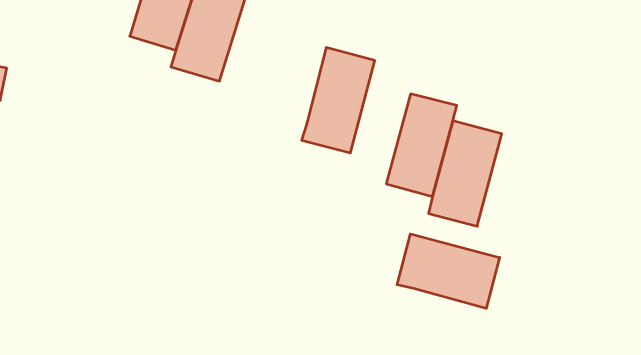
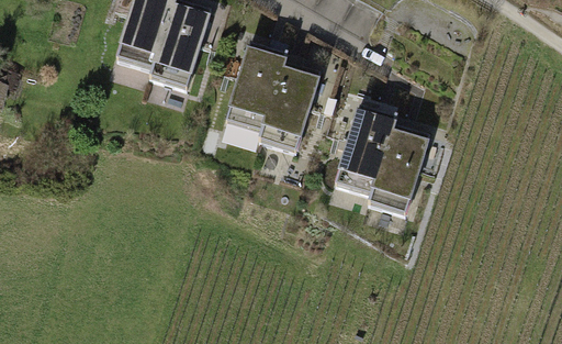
building: none -> [223,38,283,127]
building: [397,234,500,308] -> none

